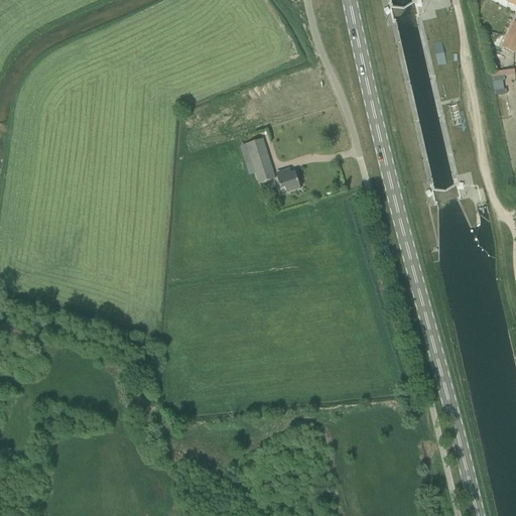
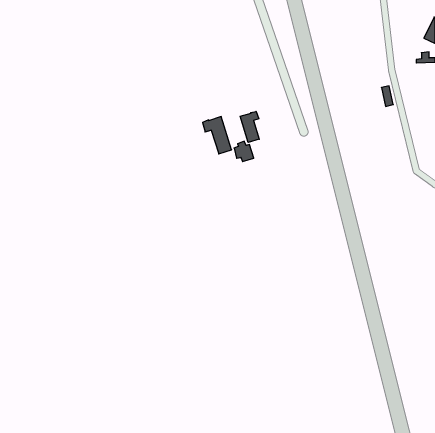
building: none -> [240,111,259,142]

